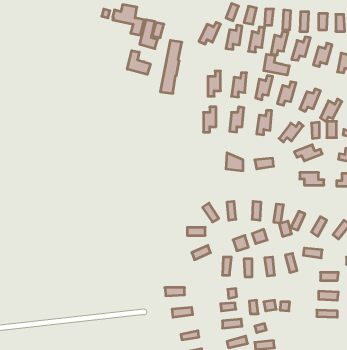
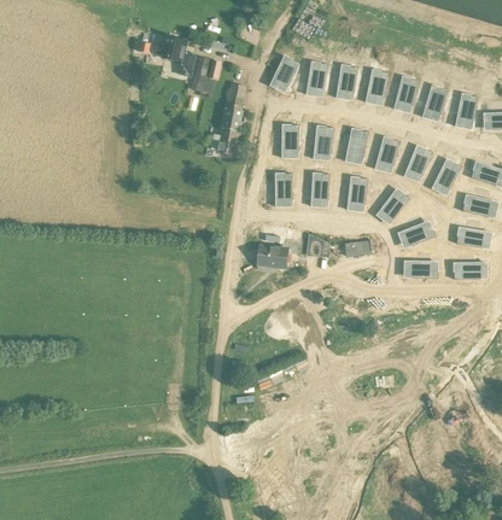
building: [127,51,150,74] -> none
building: [264,54,289,75] -> none
building: none -> [255,241,287,268]

